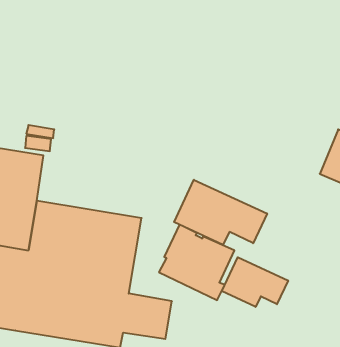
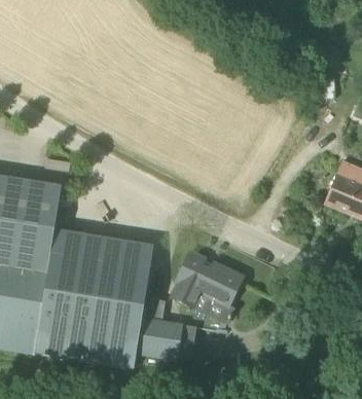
building: [174,180,267,245] -> none
building: [222,257,288,307] -> none

